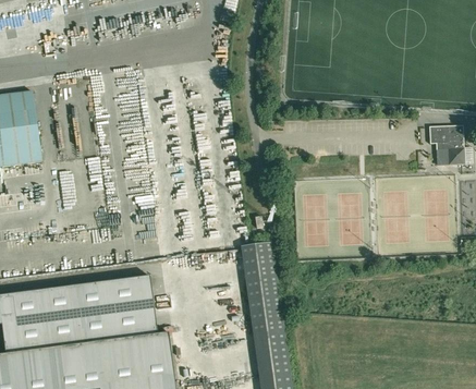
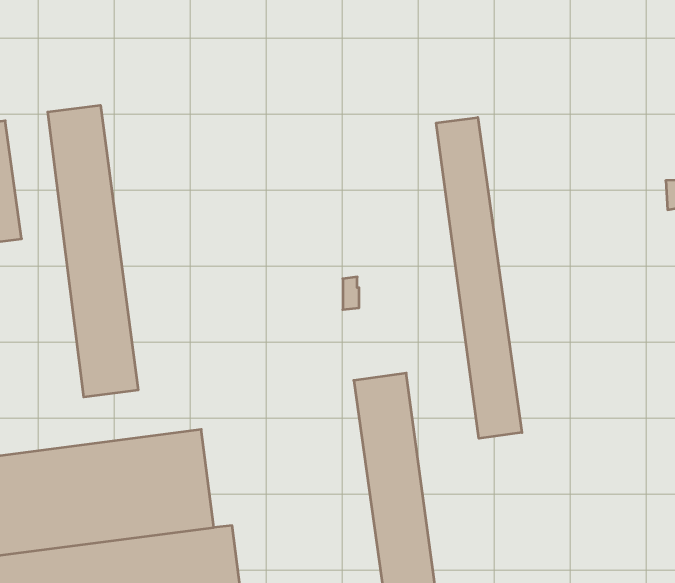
building: none -> [48,105,138,397]
building: none -> [436,117,522,438]

